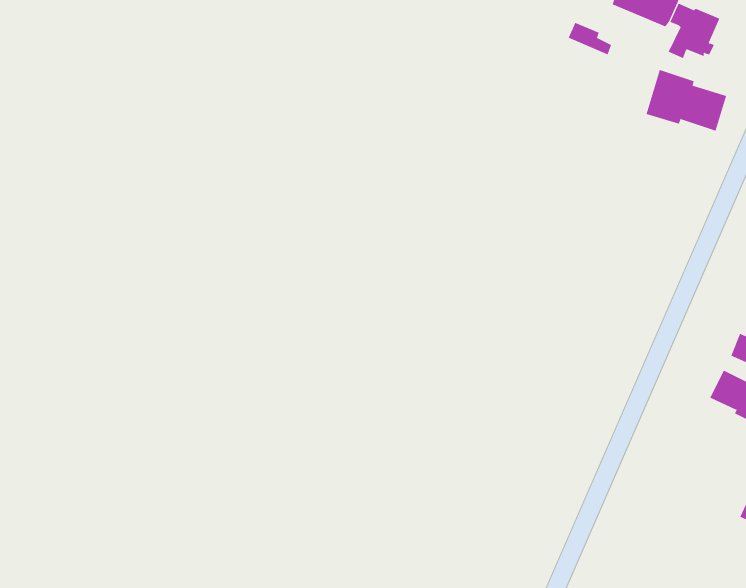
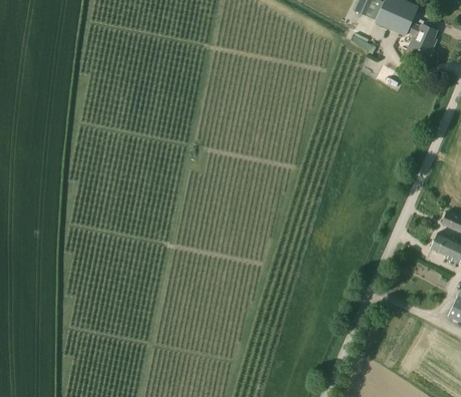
building: [646,69,727,132] -> none

